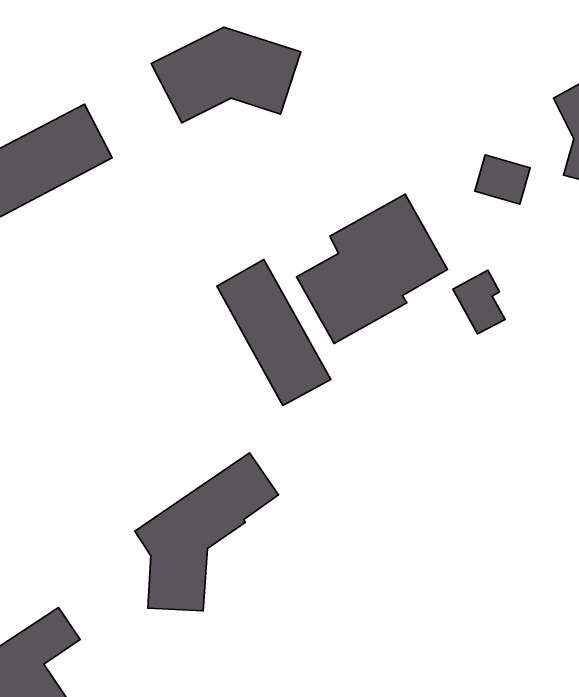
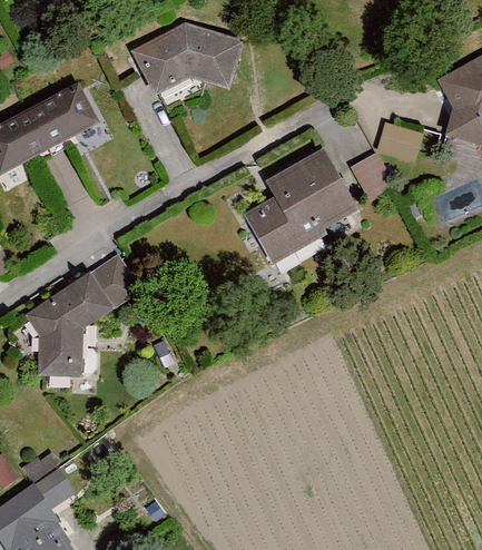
building: [217,260,331,405] -> none
building: [453,270,505,334] -> [351,151,391,200]
building: [135,453,279,611] -> [29,254,139,375]

